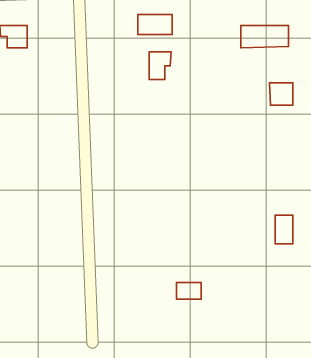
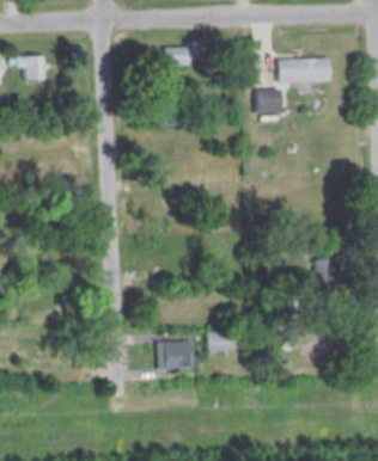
building: [149,52,171,79] -> none
building: [269,83,293,105] -> [255,87,280,111]
building: none -> [159,342,200,369]

